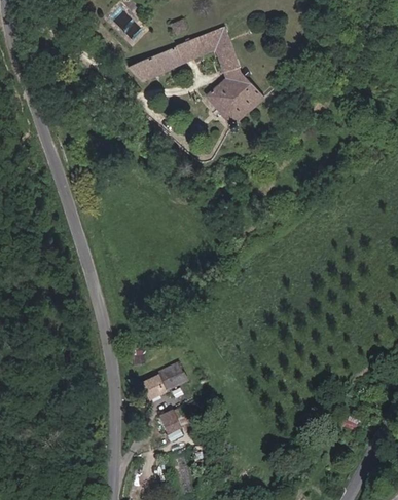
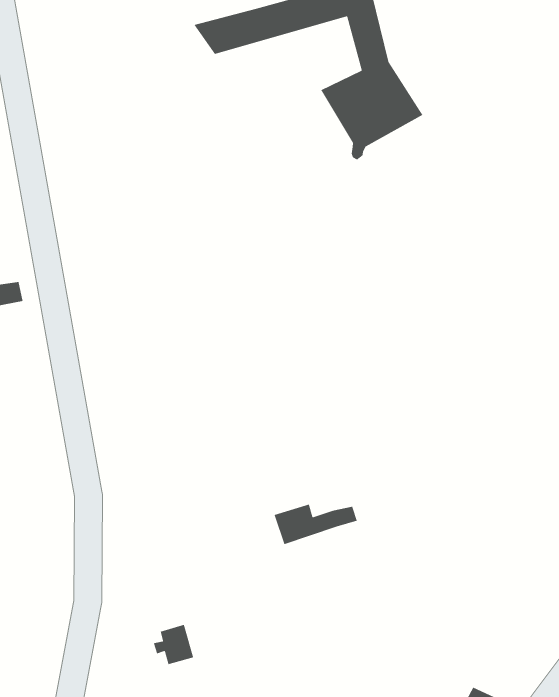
building: [138,370,186,397] -> [274,503,358,545]

